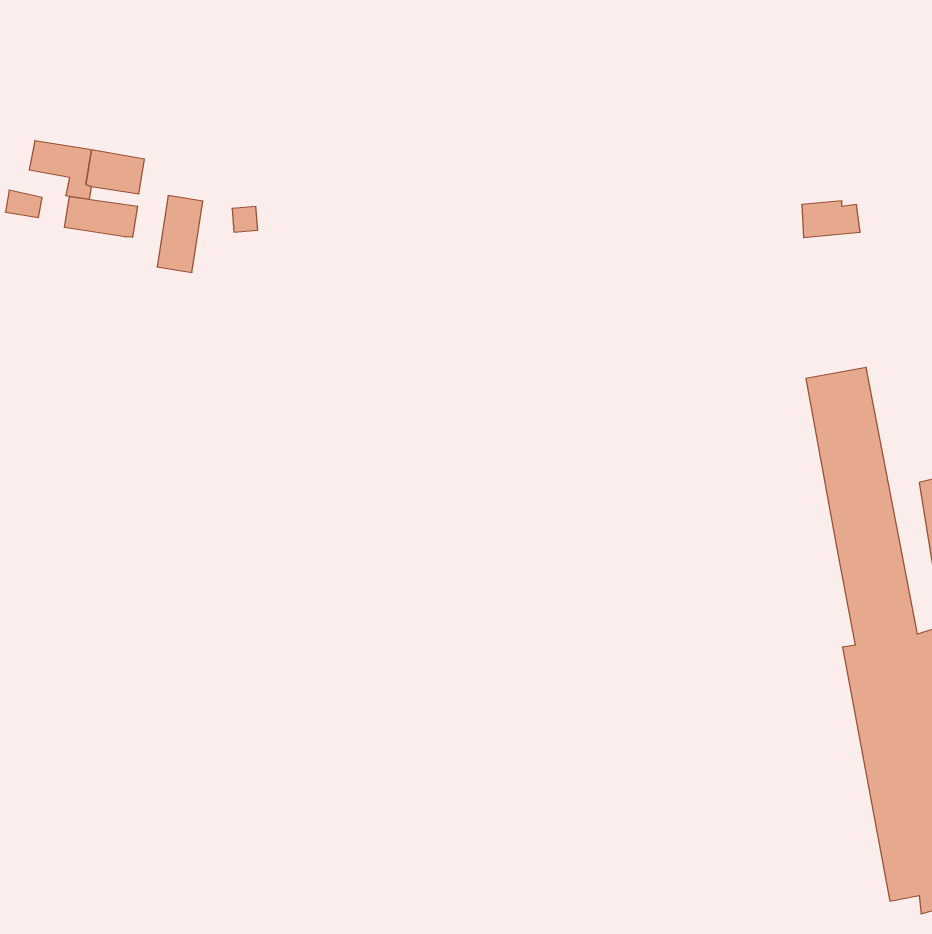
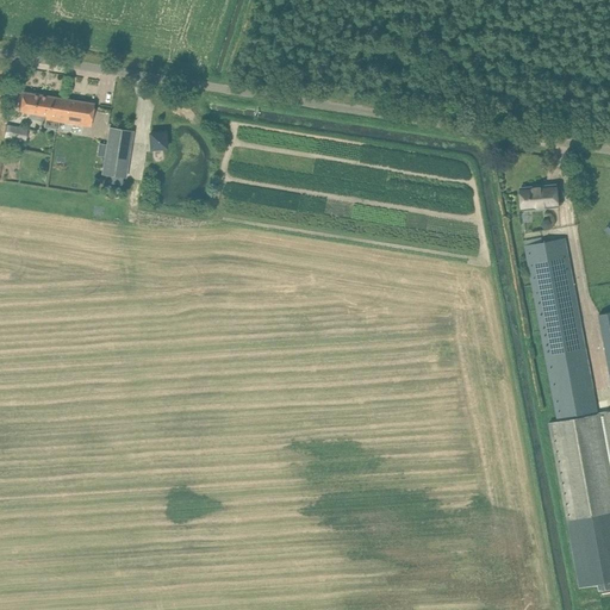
building: [65,196,137,237] -> none
building: [802,201,860,238] -> [522,186,560,210]

